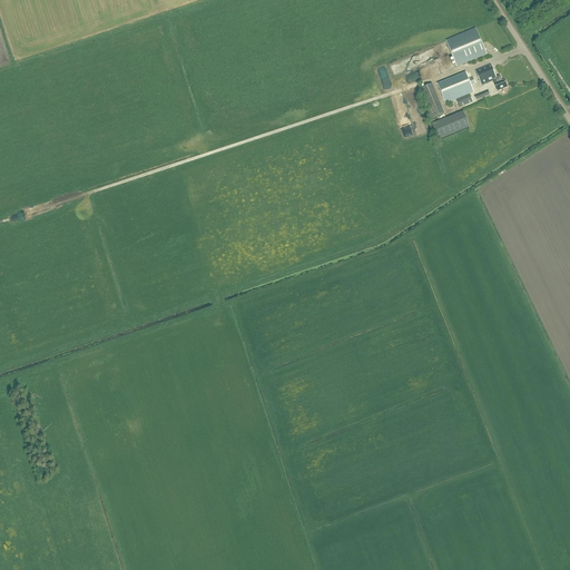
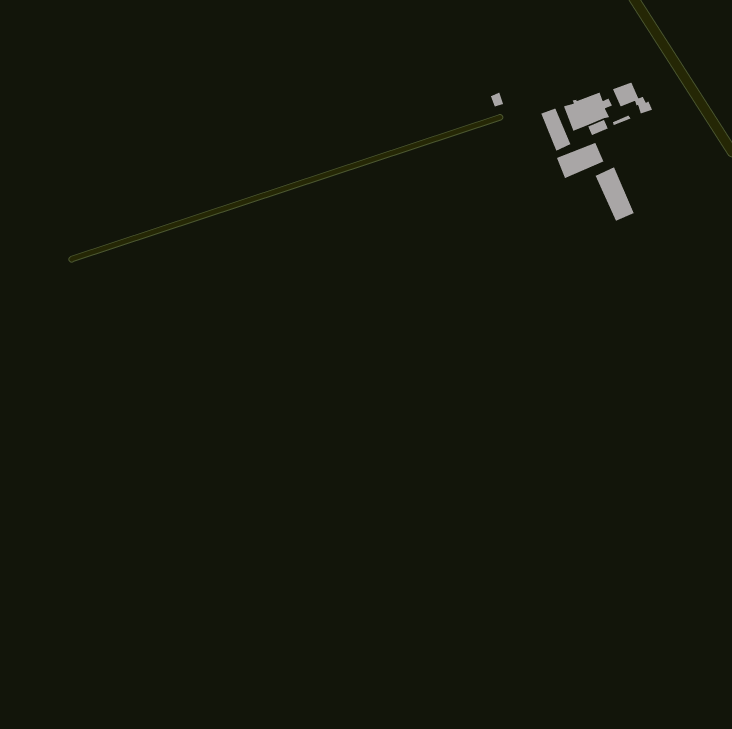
building: [446,27,488,66] -> none
building: none -> [594,166,635,222]

